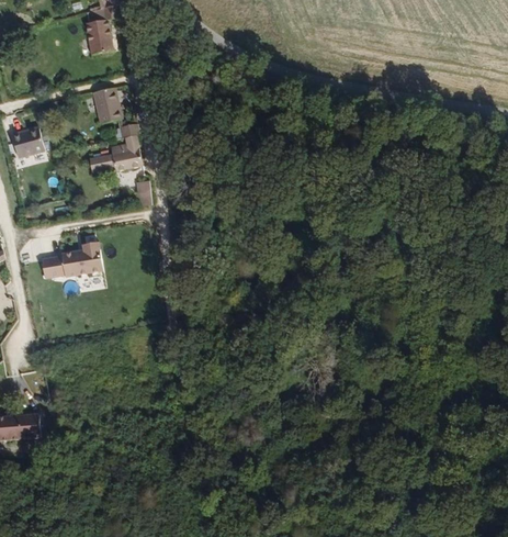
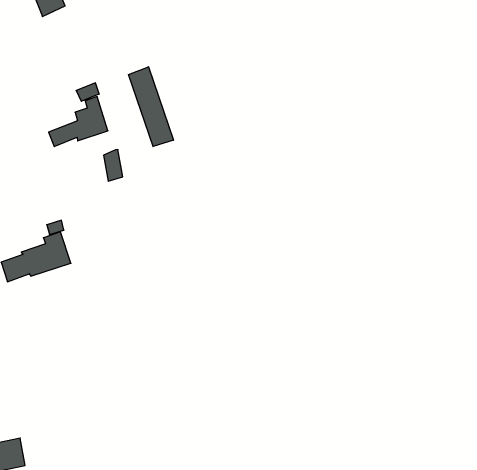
building: [95,86,125,122] -> none
building: none -> [129,67,173,147]

